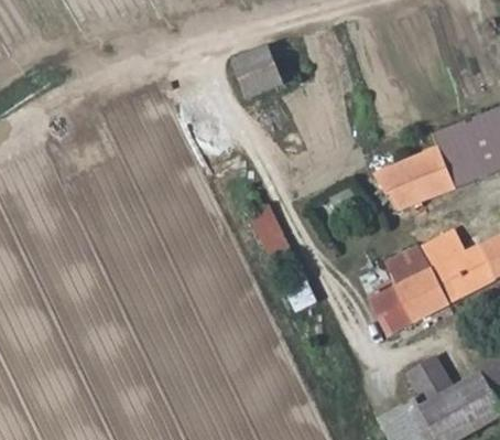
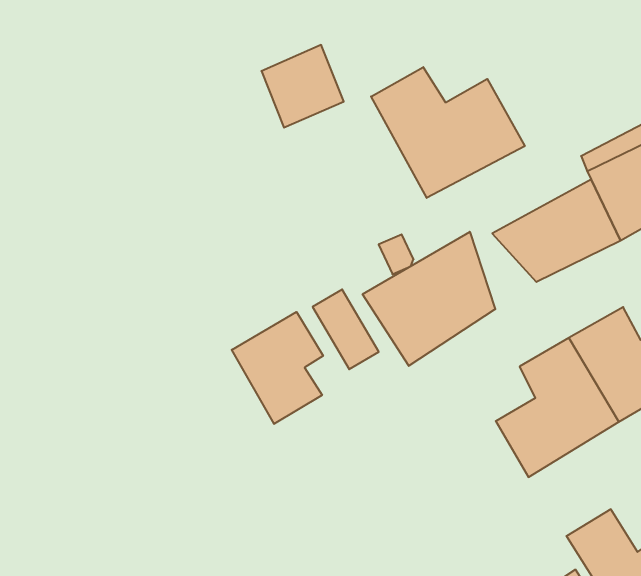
building: none -> [371,67,525,198]
building: none -> [363,232,495,366]
building: none -> [232,312,323,424]

